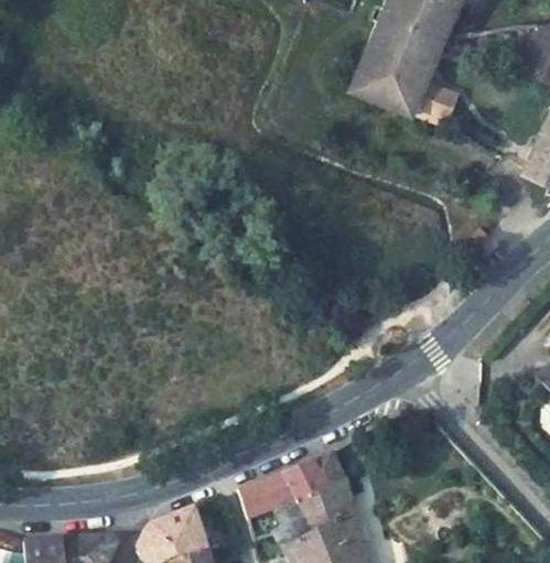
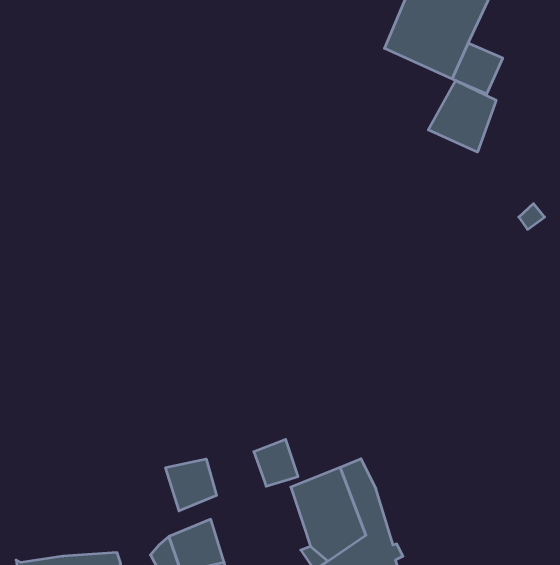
building: none -> [428,80,496,152]
building: none -> [166,459,217,511]
building: [240,476,280,518] -> [254,439,298,486]

